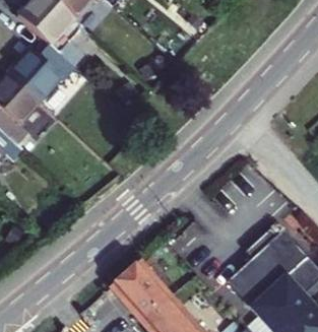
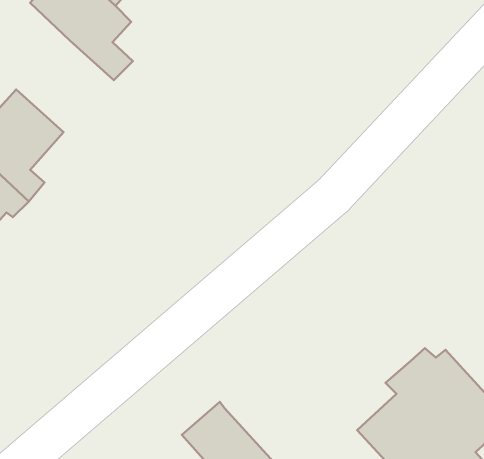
building: [12,38,78,96] -> none

